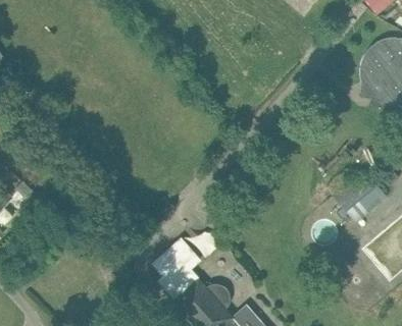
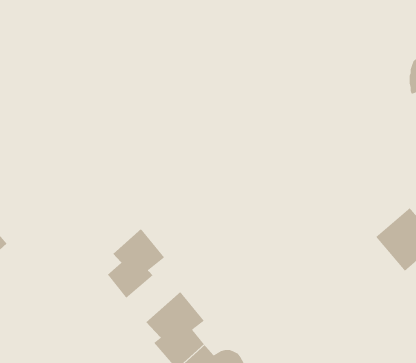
building: none -> [107,228,165,299]

